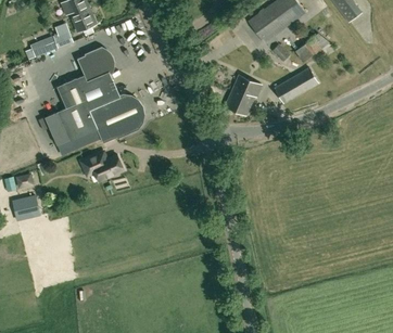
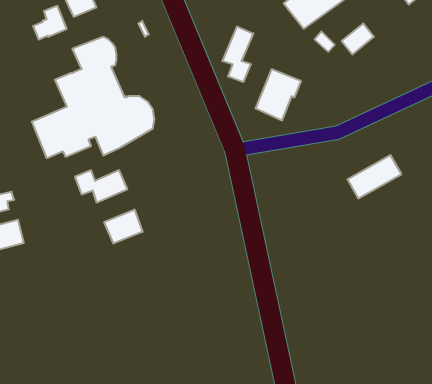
building: none -> [222,26,253,82]
building: [275,67,318,102] -> [347,155,401,198]
building: none -> [104,209,143,244]

